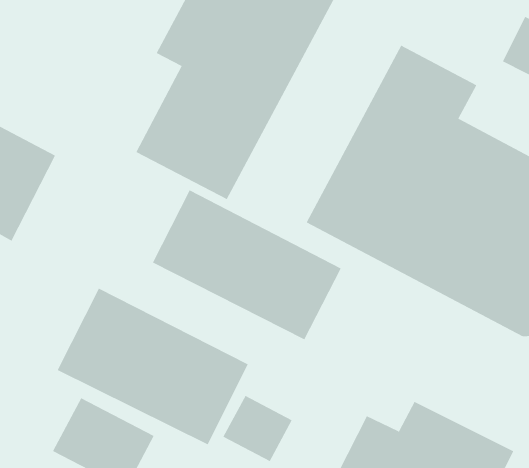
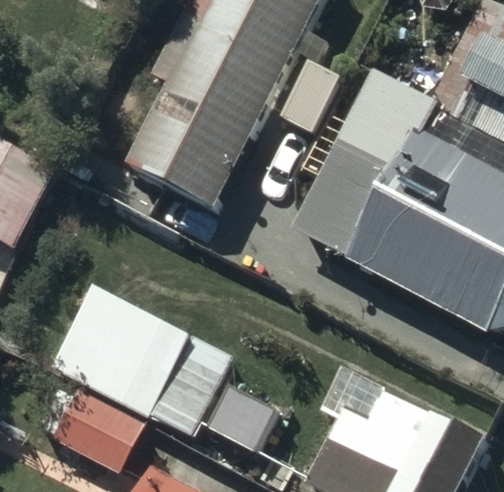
building: [152,189,342,340] -> none

